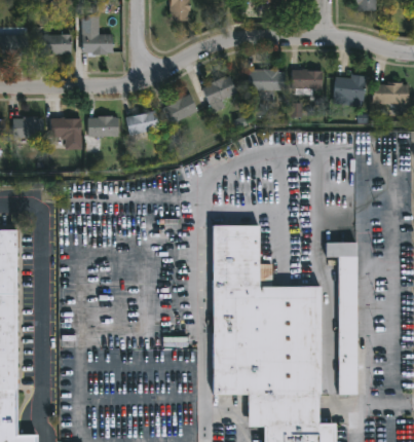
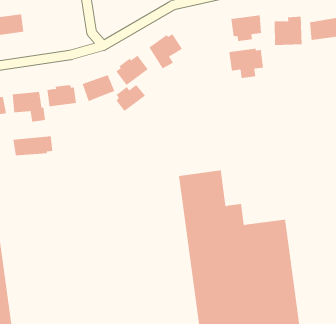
building: [82,33,111,54] -> none
building: [249,69,284,99] -> [229,48,264,79]
building: none -> [116,84,146,112]
building: none -> [13,135,53,156]
building: [324,243,355,395] -> none

